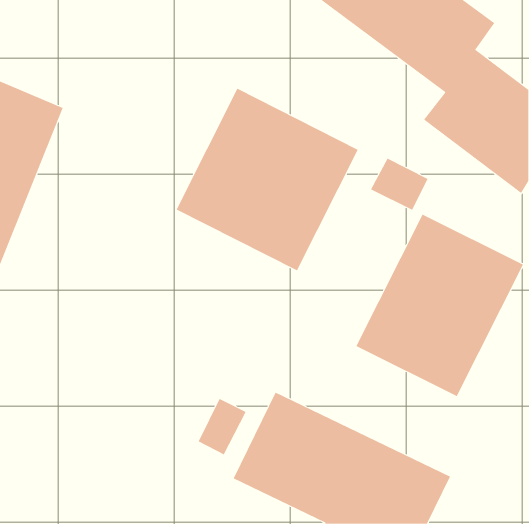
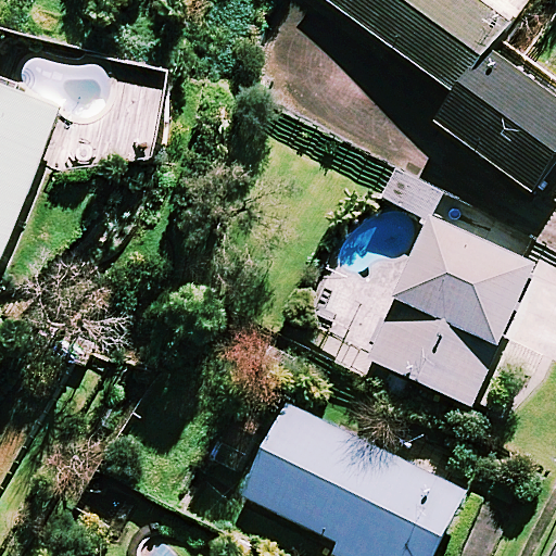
building: [176,88,358,271] -> none

